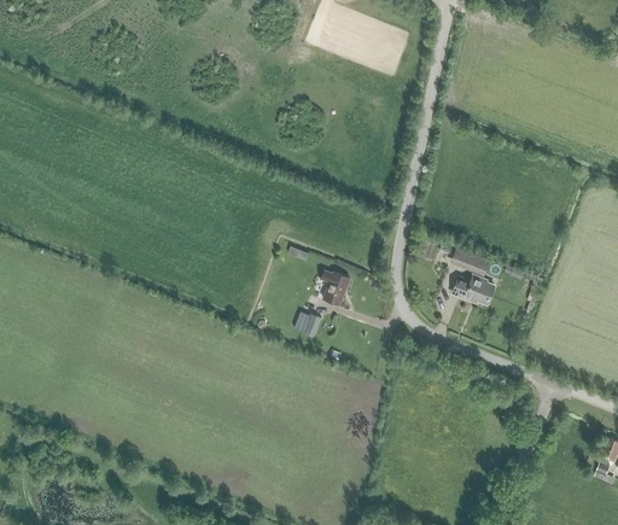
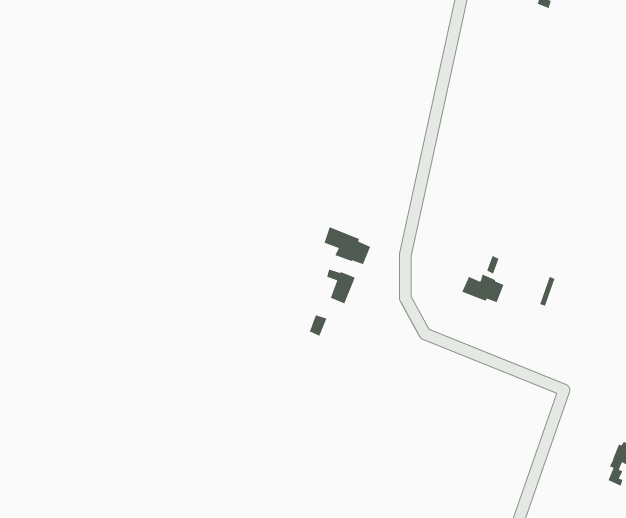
building: none -> [324,226,371,265]

